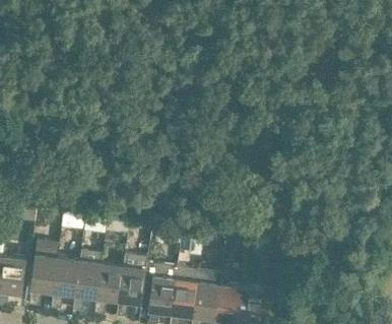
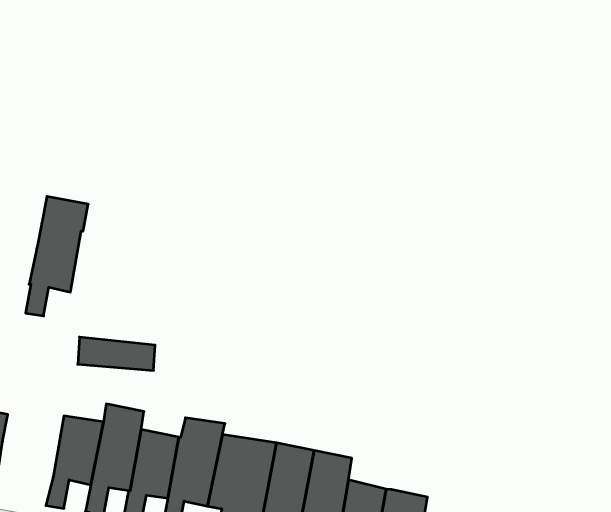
building: [29,240,61,307] -> [26,196,88,316]

